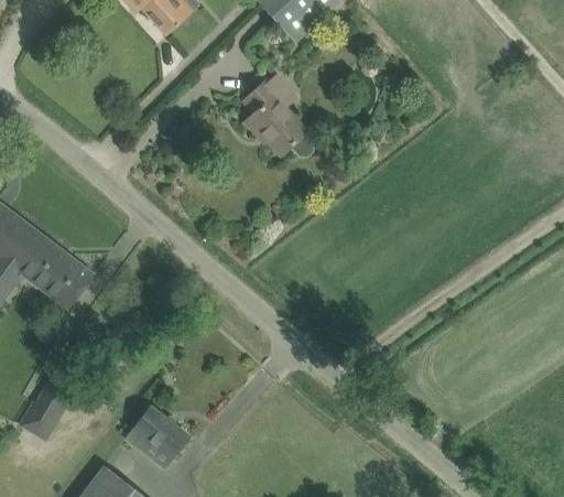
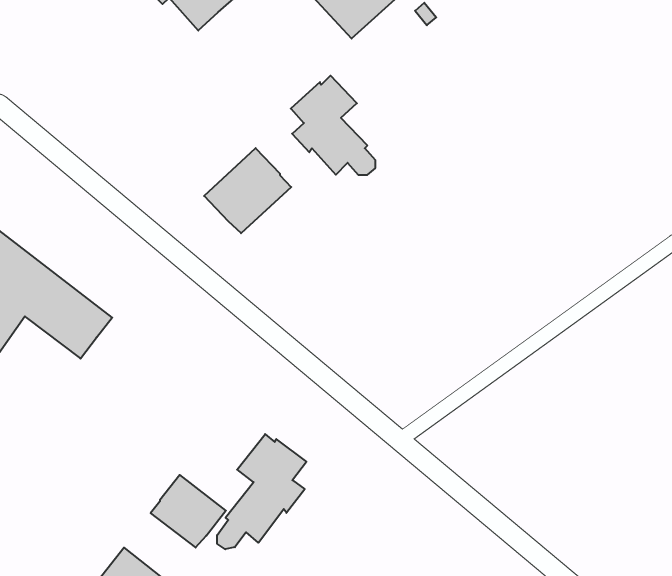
building: none -> [204,148,291,233]
building: [19,368,79,439] -> none
building: none -> [217,434,306,549]

